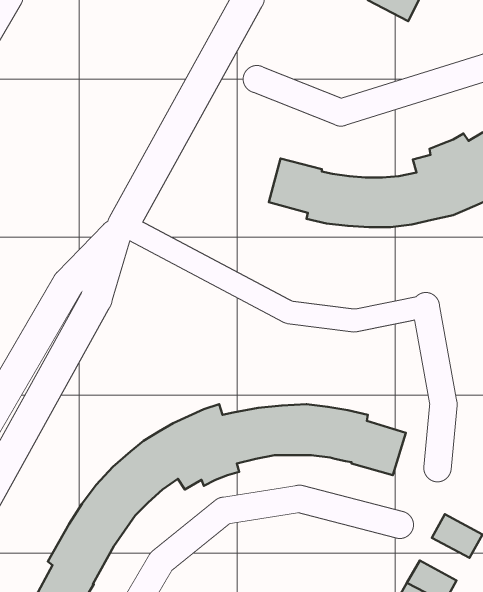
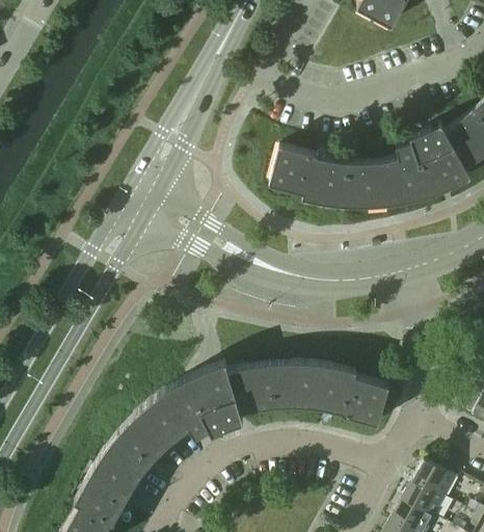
building: none -> [403,480,447,517]

